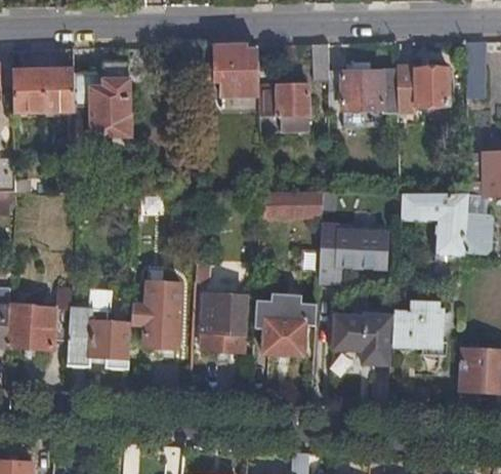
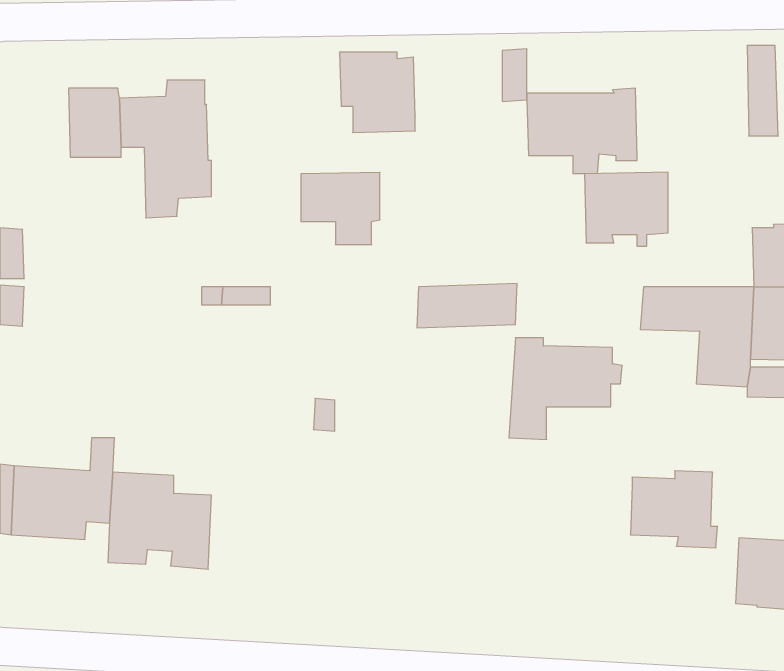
building: [396,67,449,113] -> [584,172,668,246]
building: [13,68,44,111] -> none
building: [259,84,308,129] -> [301,172,380,245]
building: [132,281,181,347] -> none
building: [202,292,246,351] -> none
building: [254,292,317,356] -> none
building: [333,313,394,364] -> none

